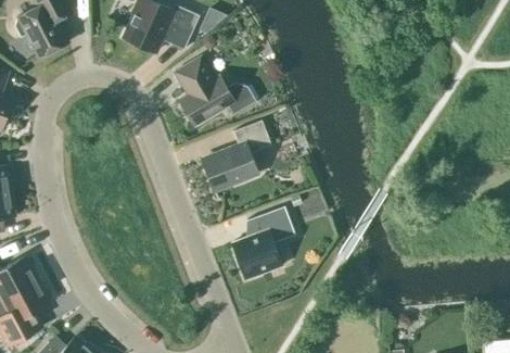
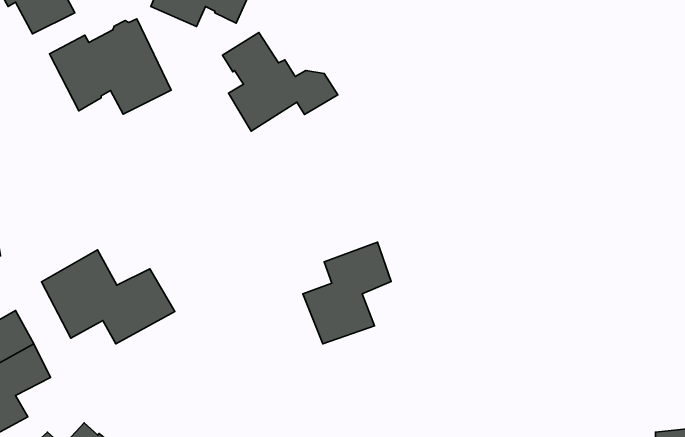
building: none -> [50,19,171,114]
building: [202,121,270,190] -> none
building: none -> [41,250,175,344]

